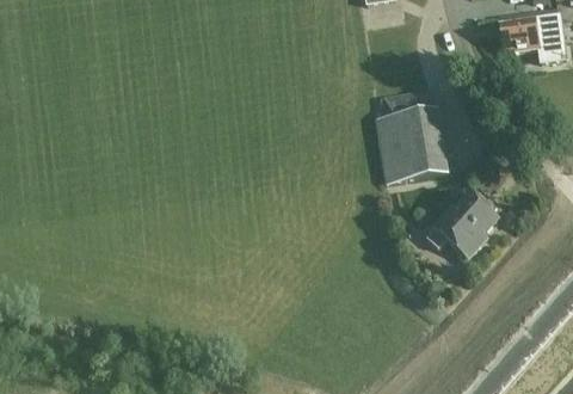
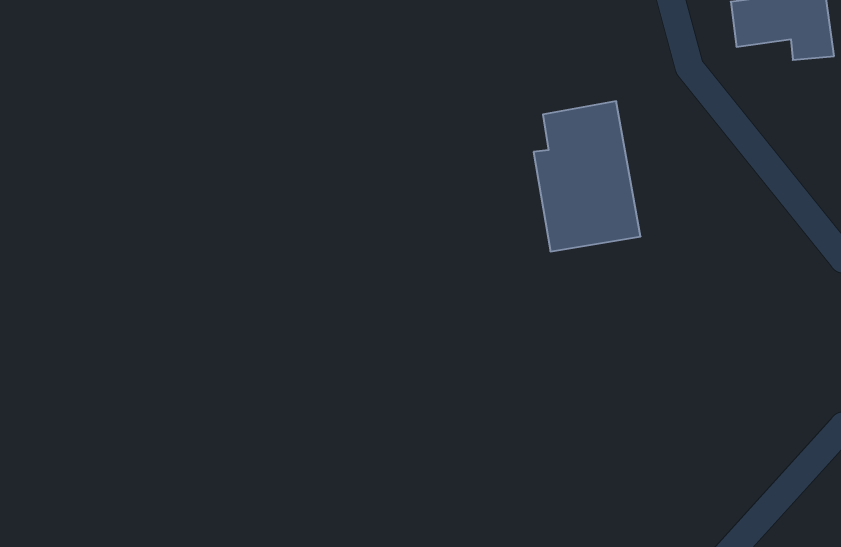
building: [427,191,499,256] -> none

